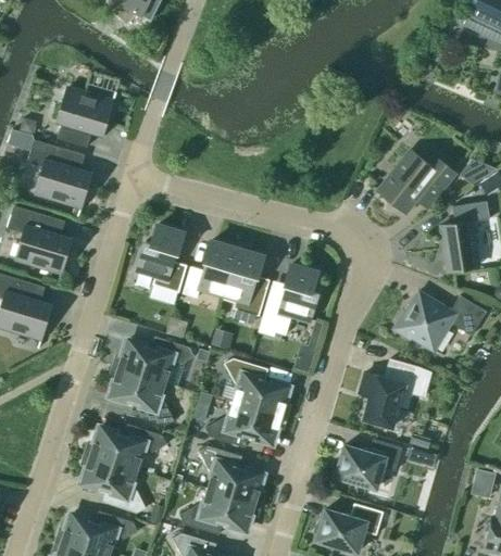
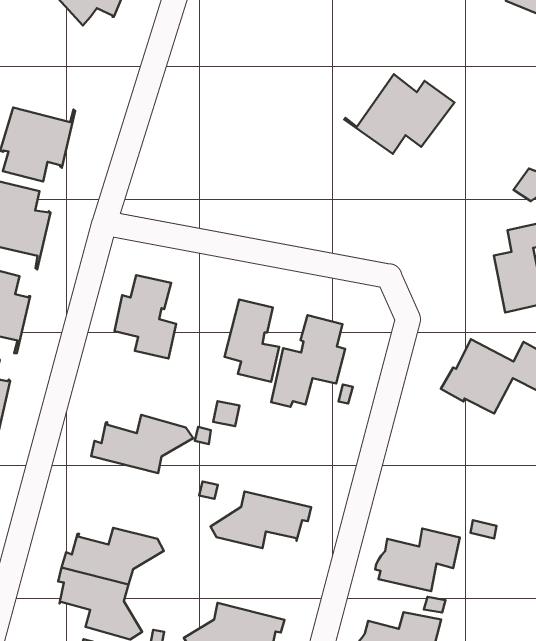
building: [368,149,456,212] -> [344,74,454,154]
building: [181,241,237,298] -> none
building: [223,357,288,416] -> none
building: [361,358,429,429] -> none
building: [110,366,174,425] -> none
building: [198,445,262,504] -> none

